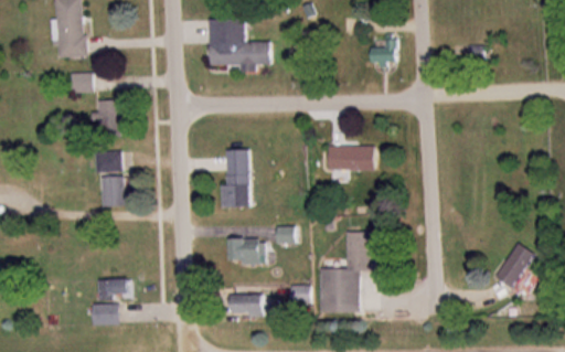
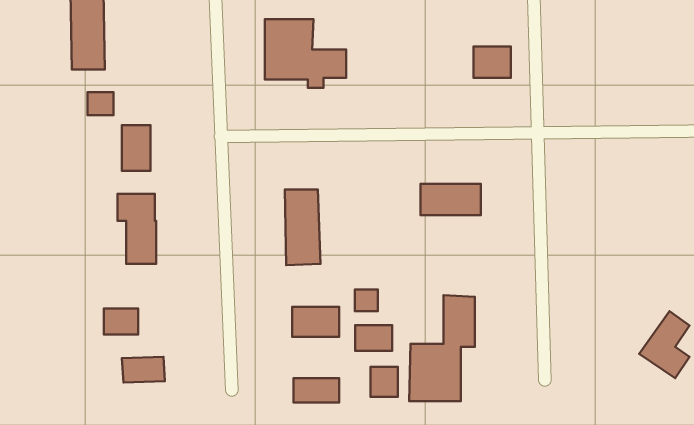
building: none -> [355,325,392,351]
building: [90,305,117,324] -> [104,309,138,334]

